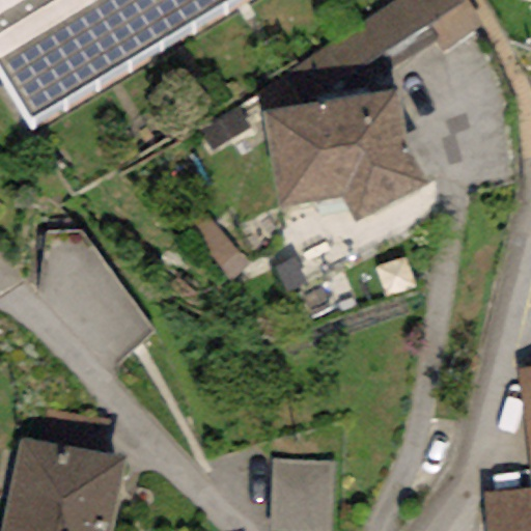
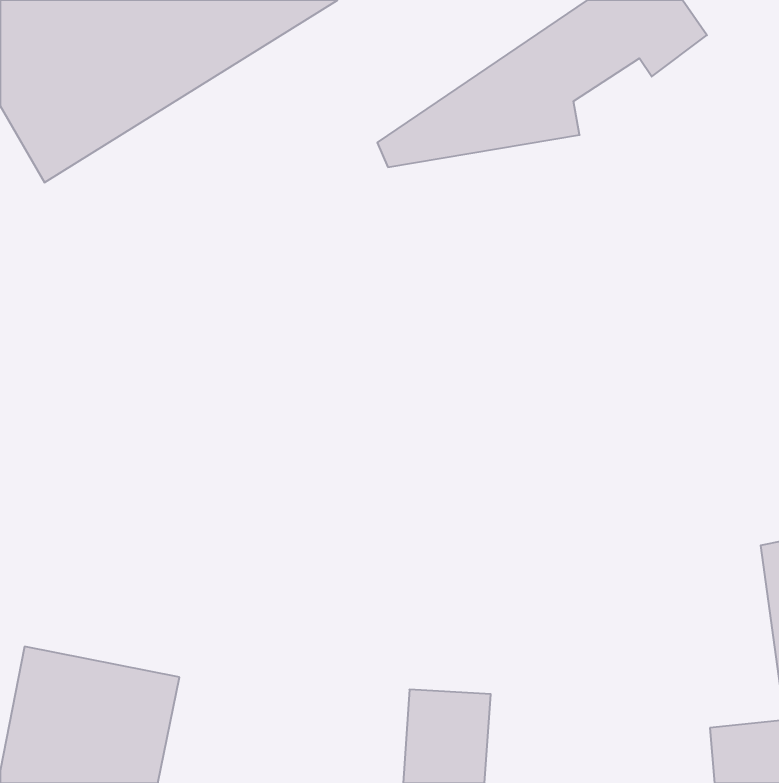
building: [266,91,428,227] -> none

